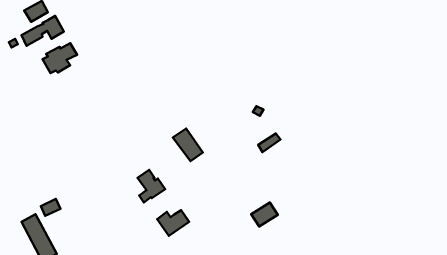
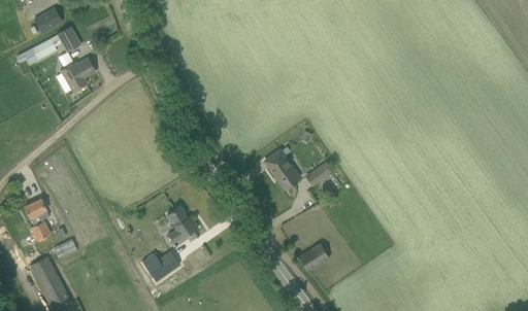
building: [173,129,203,161] -> [264,150,299,188]
building: none -> [24,199,51,240]
building: [157,210,189,236] -> [142,251,179,281]

